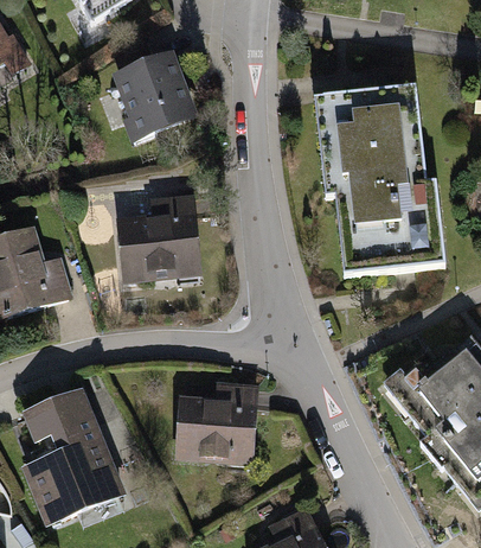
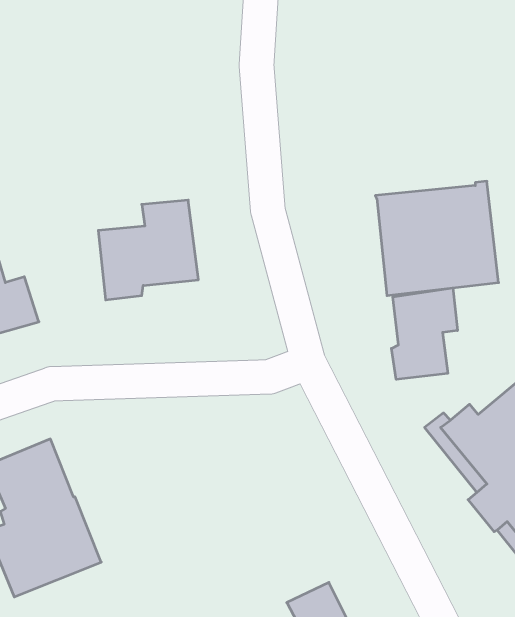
building: [120,59,192,140] -> none
building: [323,88,427,197] -> none
building: none -> [391,288,457,379]
building: [178,383,257,455] -> none

